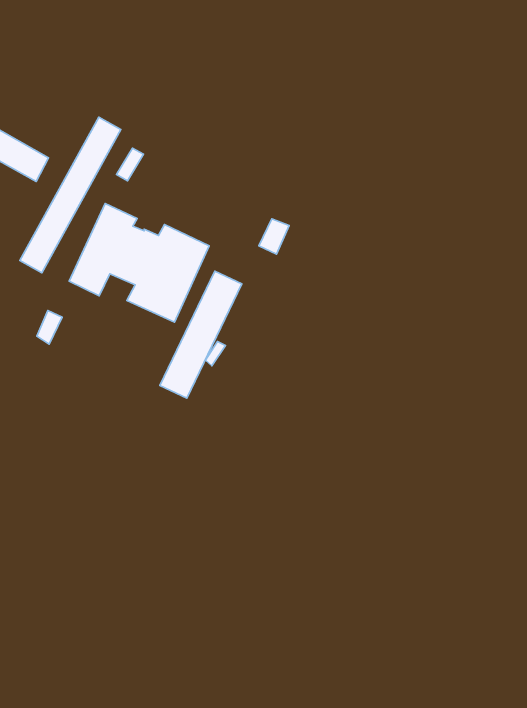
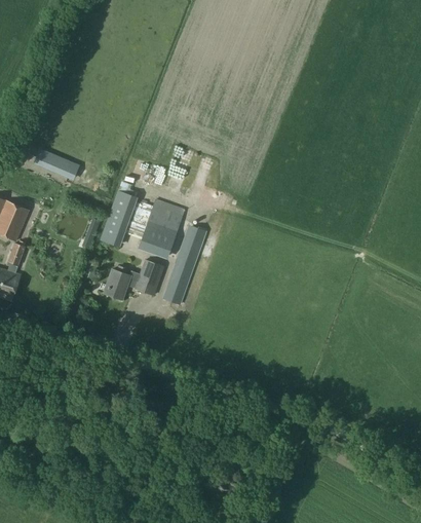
building: [20,117,121,273] -> none
building: none -> [103,259,164,300]

